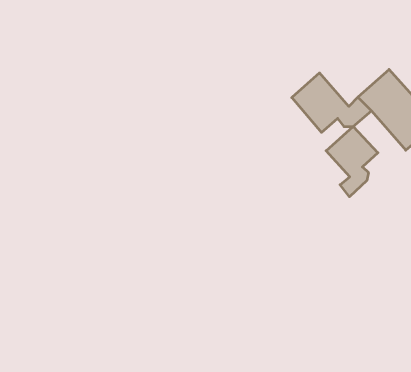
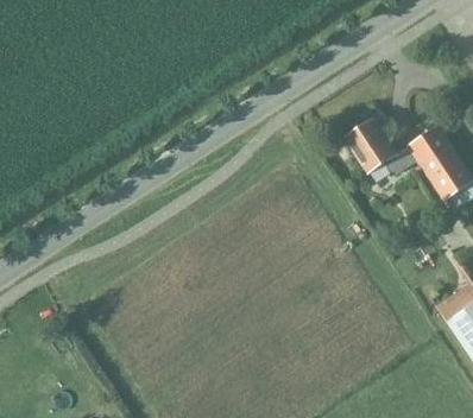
building: [326,127,378,197] -> none

